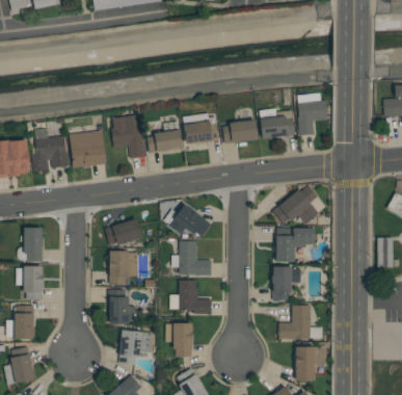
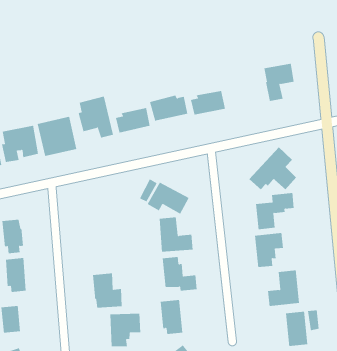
building: [260,116,295,139] -> none
building: [105,219,141,244] -> none
building: [109,252,137,285] -> none

